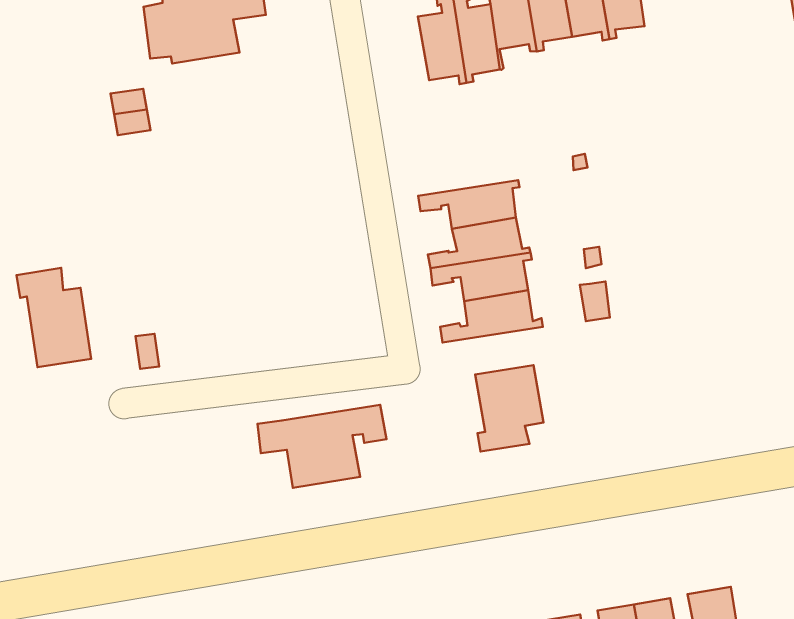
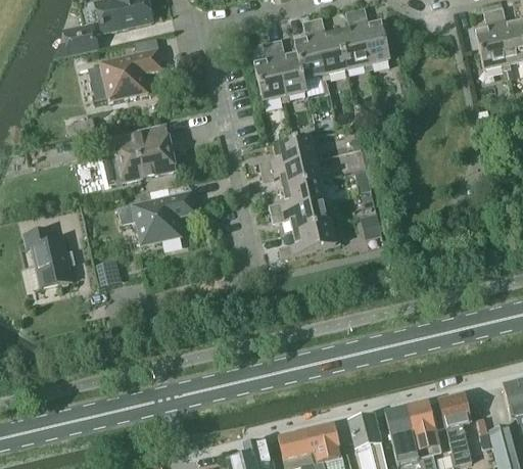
building: none -> [98,126,175,185]
building: none -> [259,136,321,170]
building: [475,365,543,451] -> none
building: [258,405,387,488] -> [118,191,196,244]

